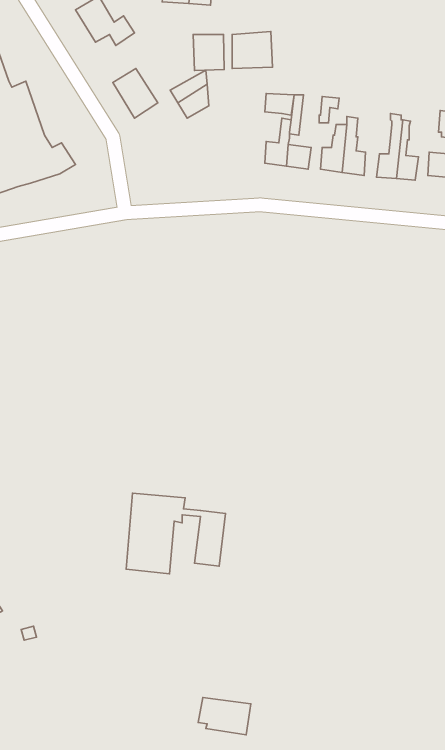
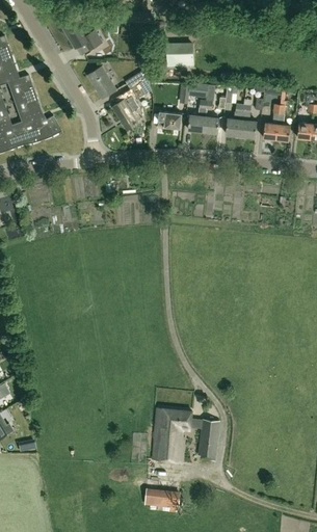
building: [193,34,224,71] -> none
building: none -> [112,98,139,131]
building: none -> [158,108,183,130]
building: [126,493,225,574] -> [154,408,220,462]

